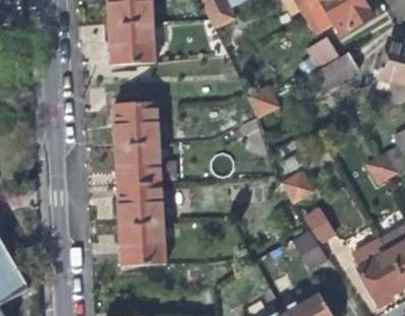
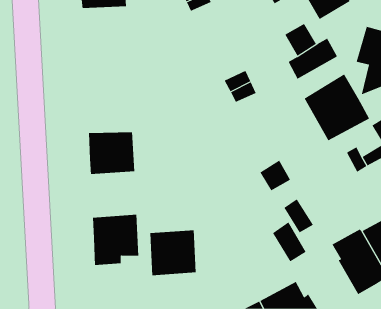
building: [109,21,154,71] -> none
building: none -> [304,74,370,141]
building: [113,97,159,144] -> none
building: [117,182,163,227] -> [150,230,197,276]

